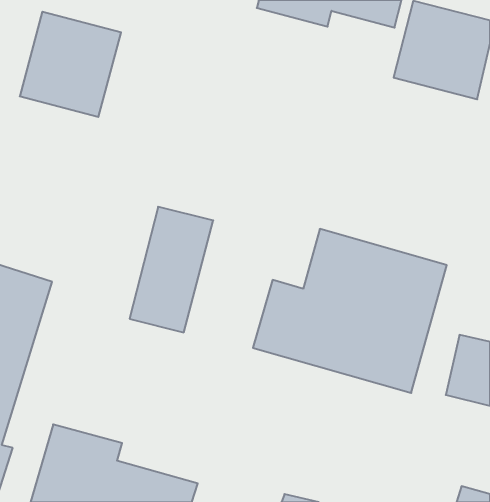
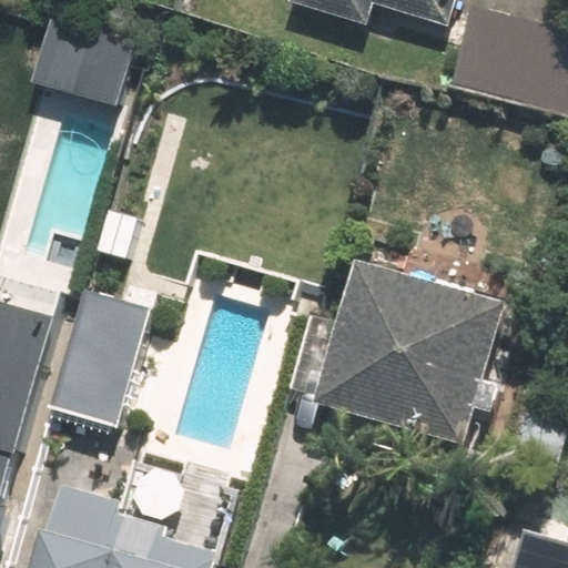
building: [130,207,213,332] -> [51,287,145,429]

